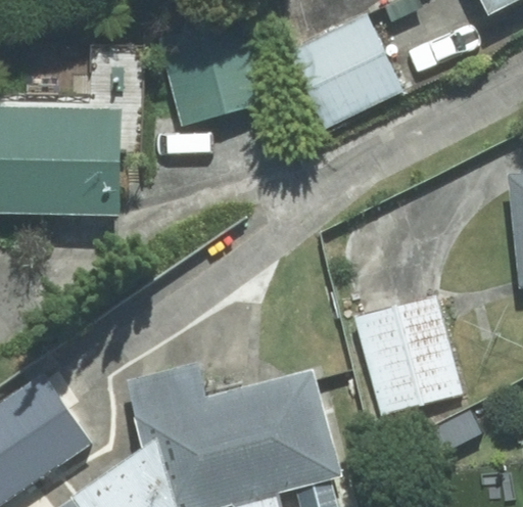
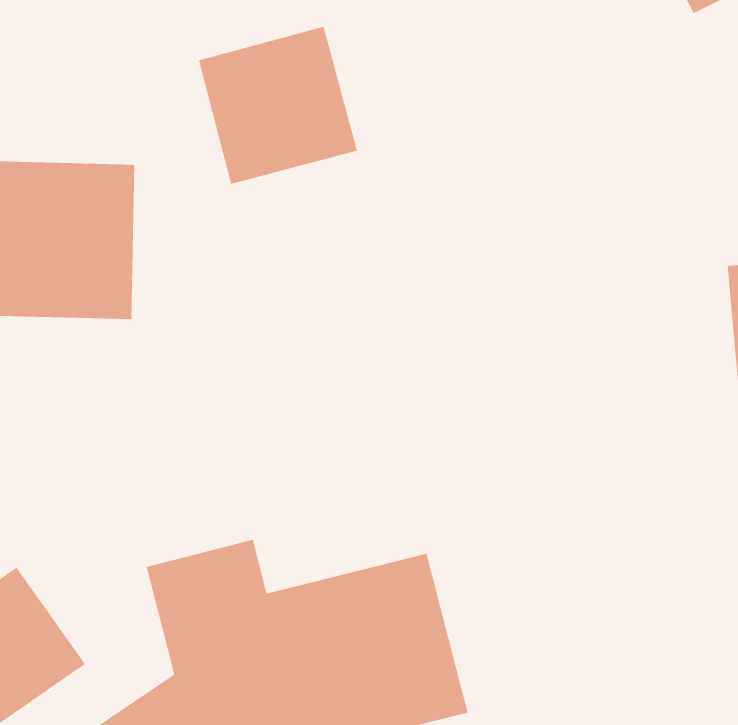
building: [292,18,400,126] -> none
building: [356,299,461,415] -> none

